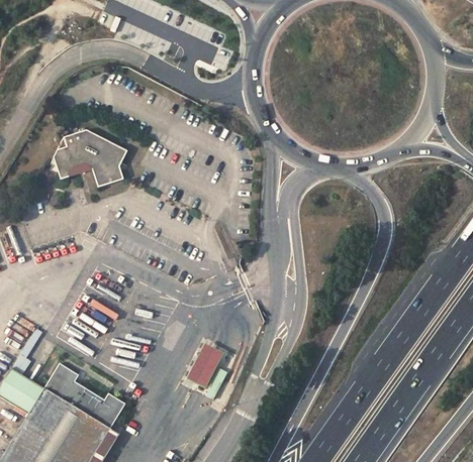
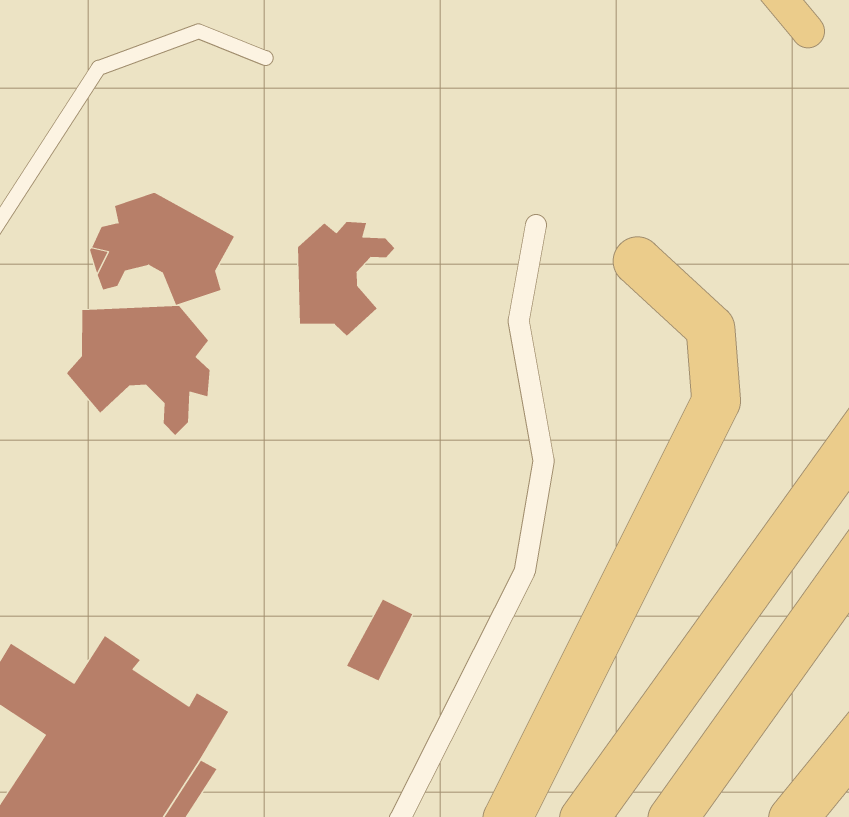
building: none -> [298,221,395,337]
building: none -> [66,305,210,436]

